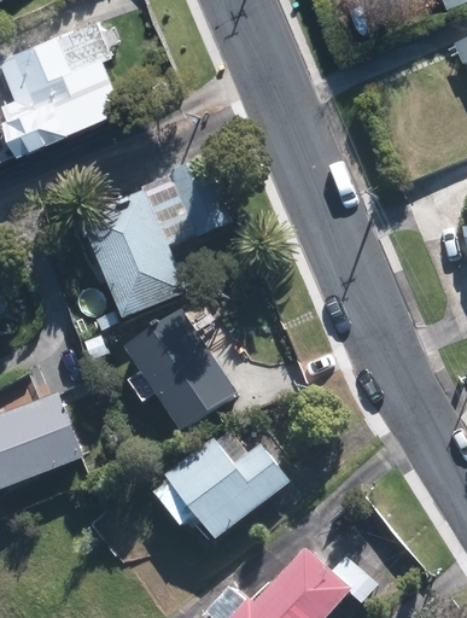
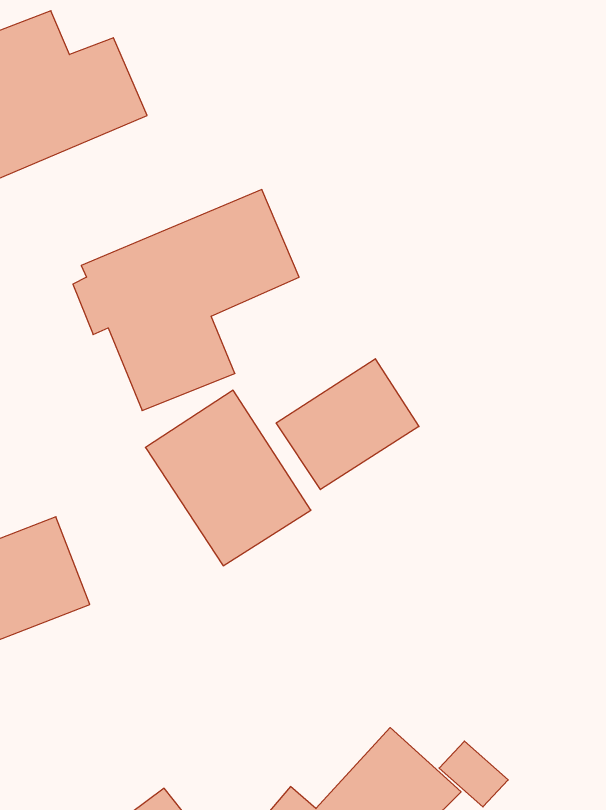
building: none -> [276,359,419,490]
building: [151,430,292,541] -> none

